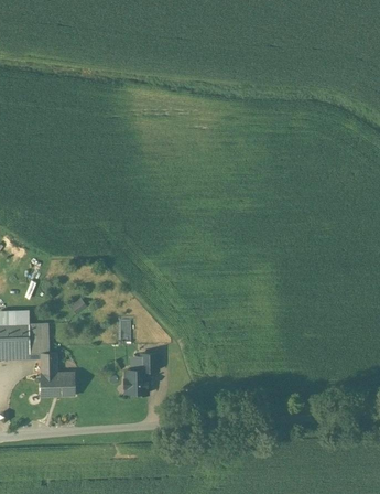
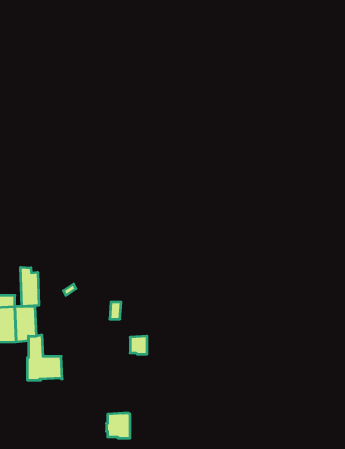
building: none -> [21,267,39,307]
building: [123,369,146,394] -> [106,413,130,438]

